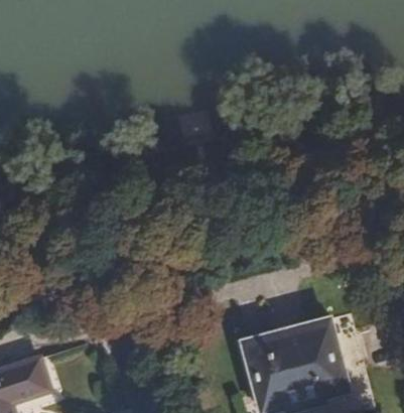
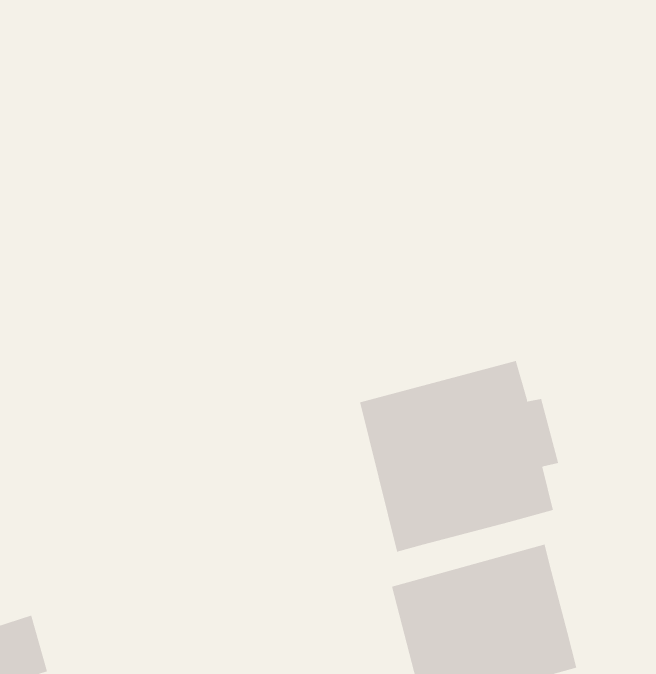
building: none -> [360,360,559,553]

